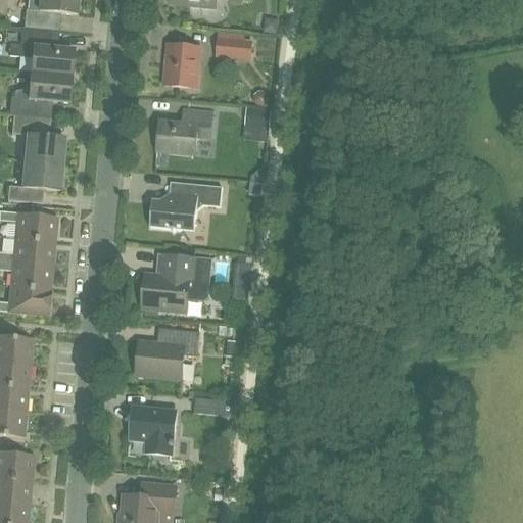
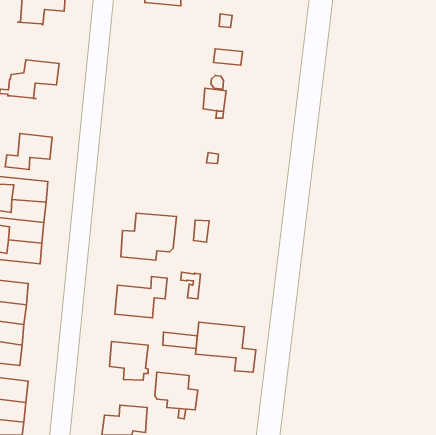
building: [7,27,73,76] -> none
building: [217,38,251,57] -> [213,49,243,65]
building: [164,44,201,88] -> none
building: [157,109,212,154] -> none
building: [11,114,64,163] -> none
building: [150,182,223,230] -> none
building: none -> [196,322,256,372]
building: none -> [155,372,198,410]

